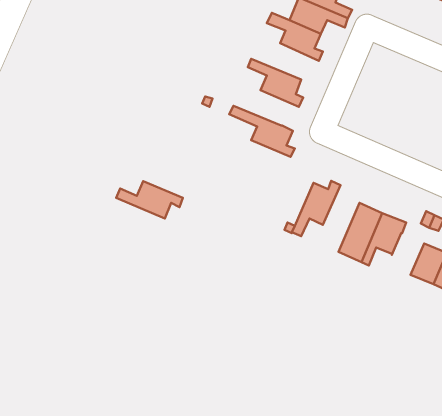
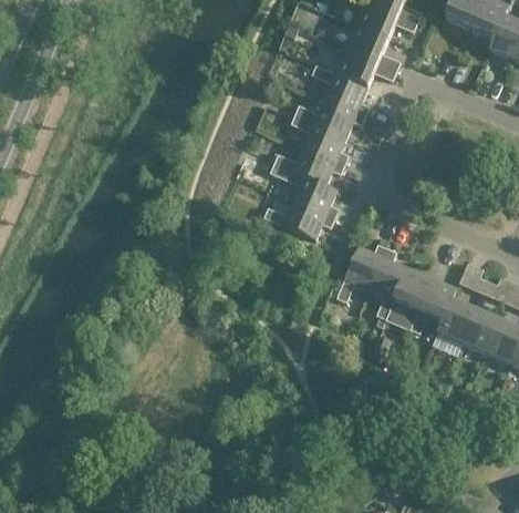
building: none -> [293,98,365,136]
building: none -> [274,147,344,185]
building: [116,181,183,219] -> [264,201,335,240]
building: none -> [370,248,408,319]
building: none -> [437,299,477,343]

